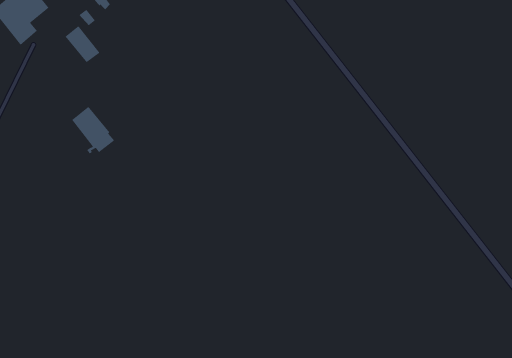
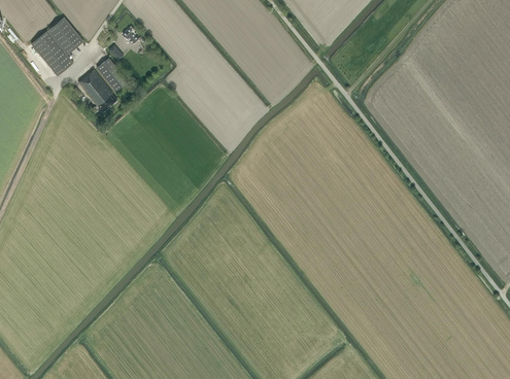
building: [71,106,115,154] -> [77,69,116,112]

